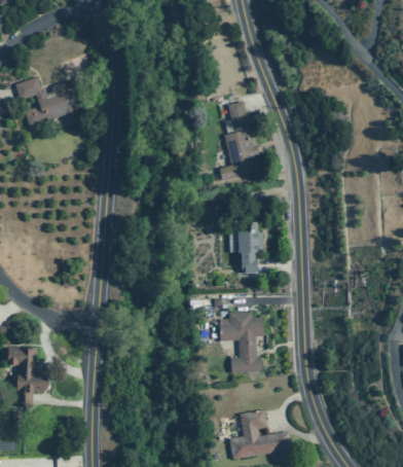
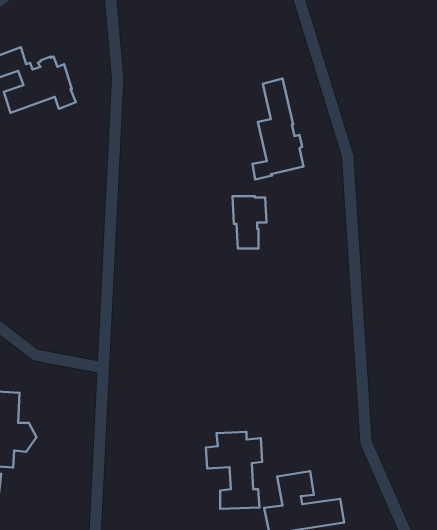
building: [237,231,264,273] -> [232,196,266,249]
building: [220,312,264,372] -> [206,432,262,509]

